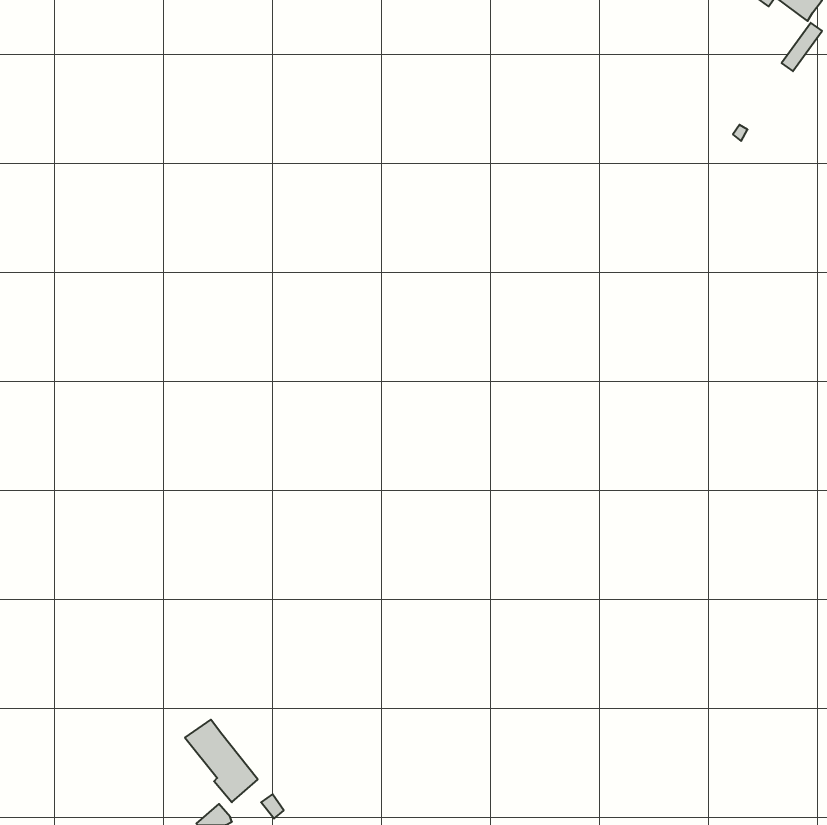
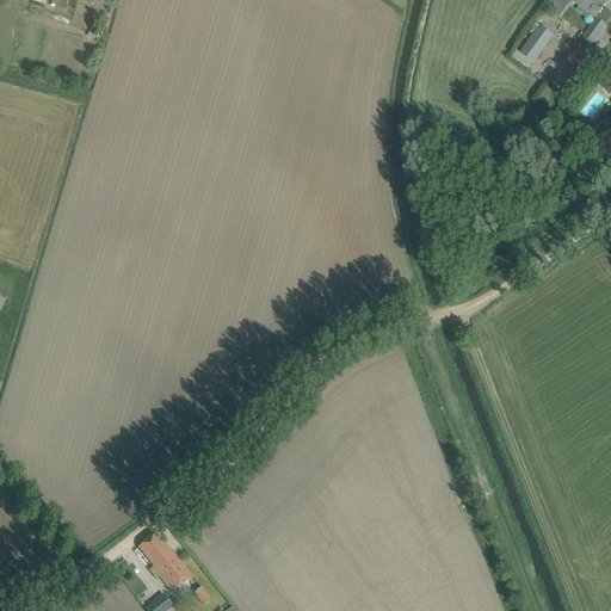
building: none -> [519,23,554,61]

